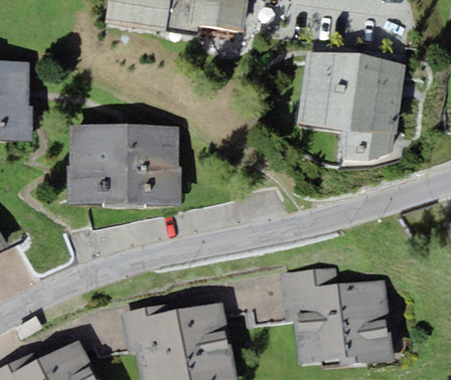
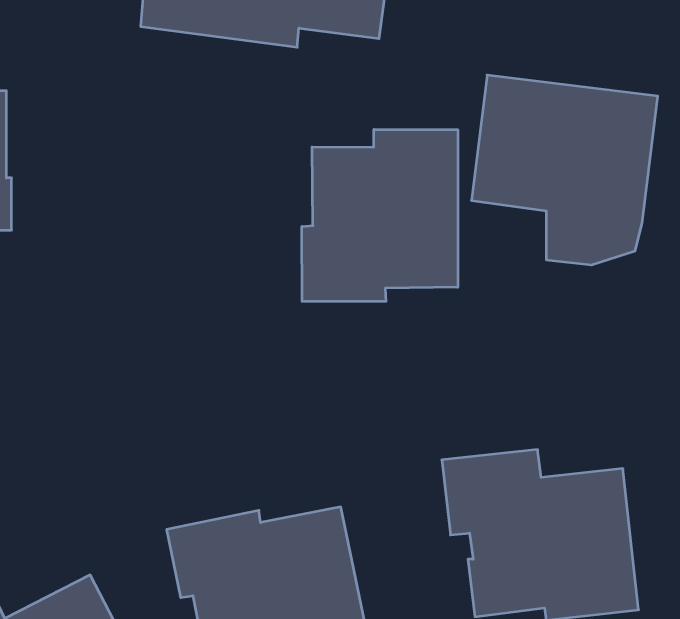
building: none -> [302,129,458,301]
building: [66,125,181,205] -> none

